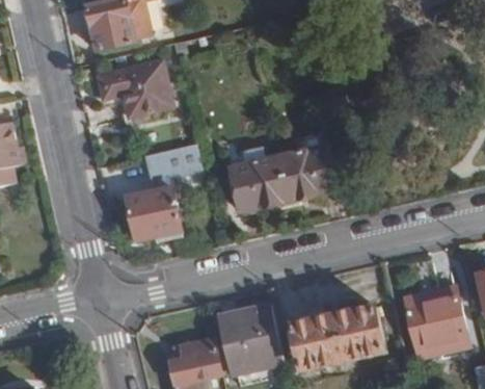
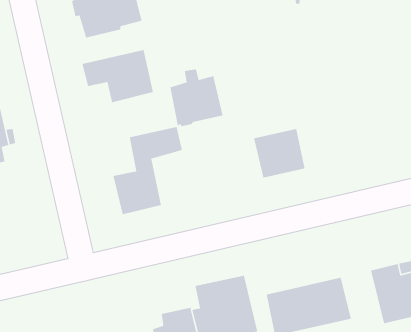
building: [232,149,290,212] -> [169,68,223,127]

